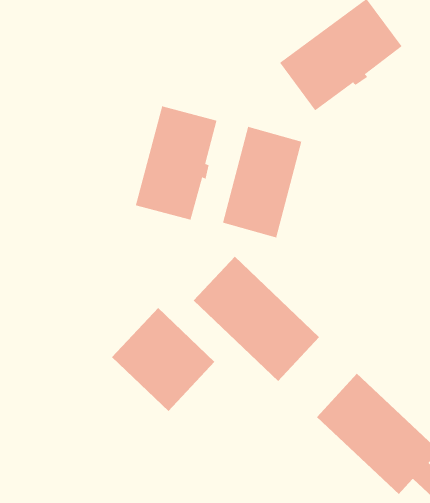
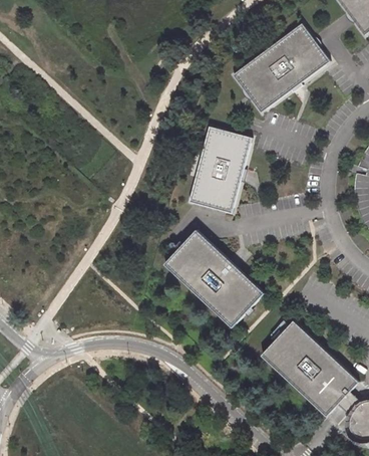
building: [135,106,217,220] -> none
building: [111,307,215,412] -> none

